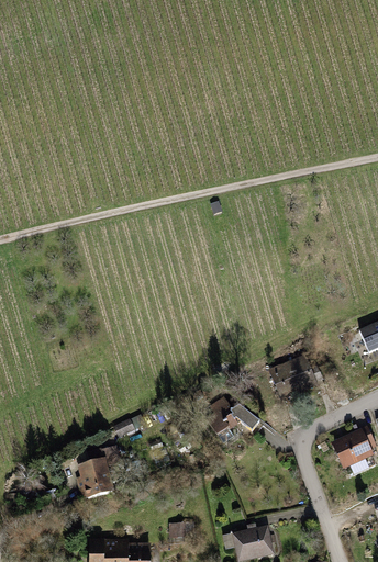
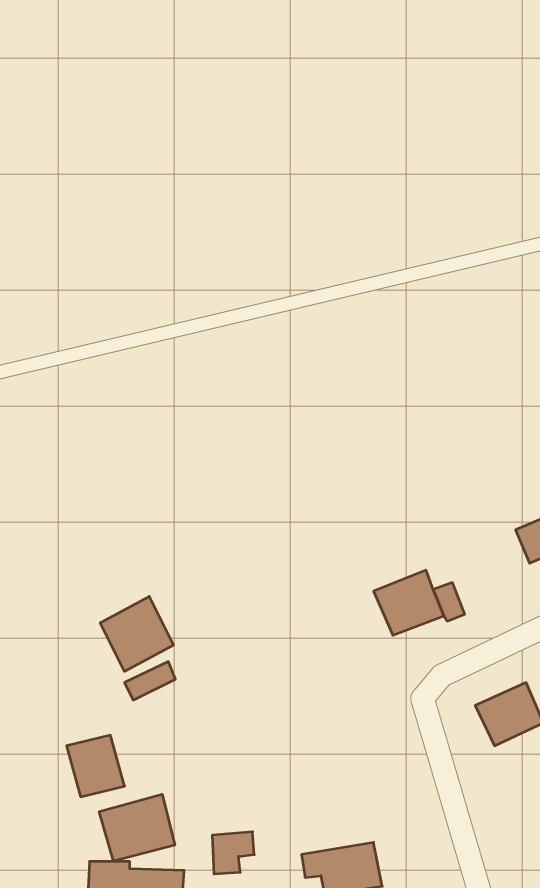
building: none -> [100,596,174,671]
building: [204,398,263,443] -> none
building: none -> [99,794,175,861]

